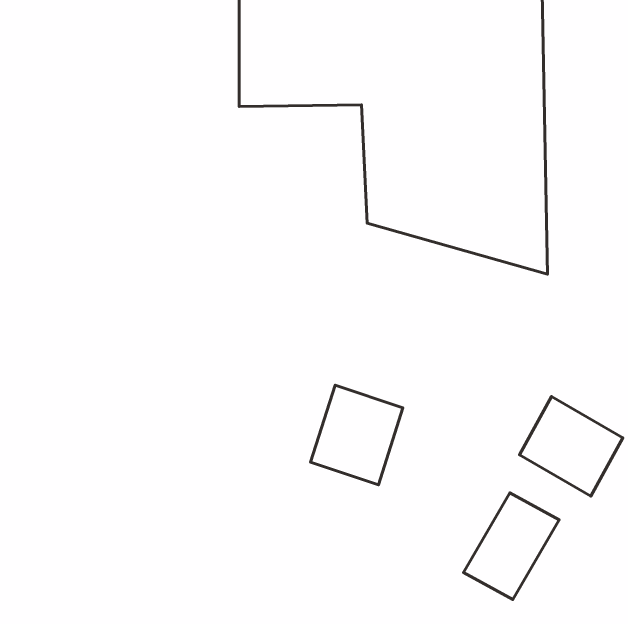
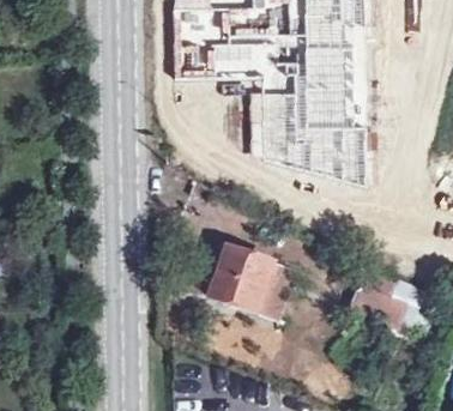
building: [464,493,559,600] -> none

